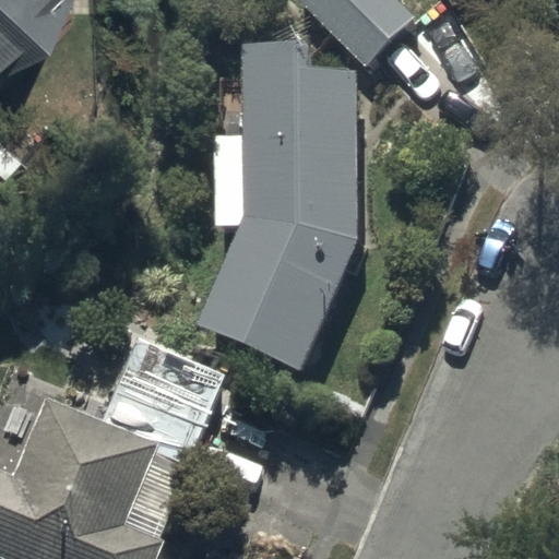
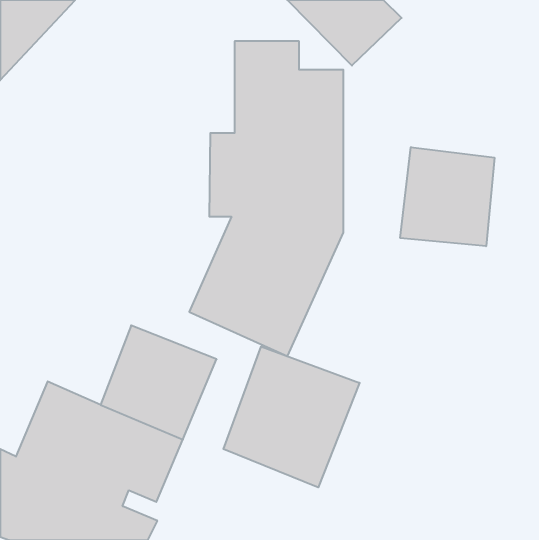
building: none -> [400,147,494,246]
building: none -> [223,346,360,487]

